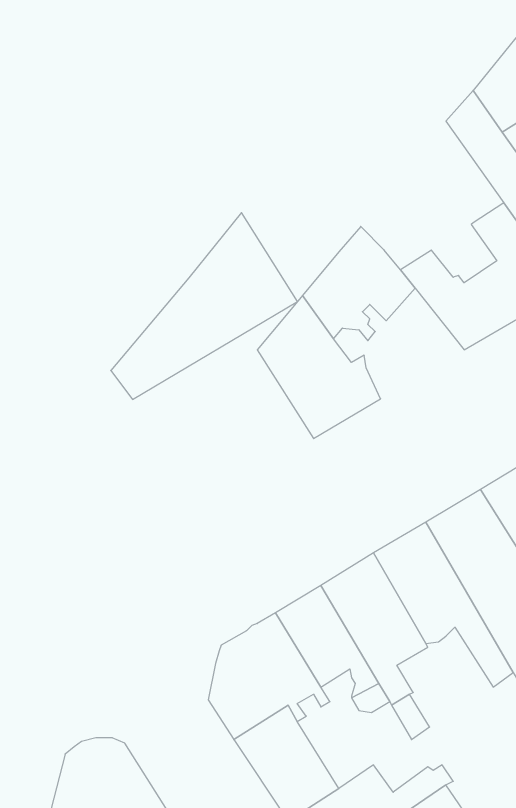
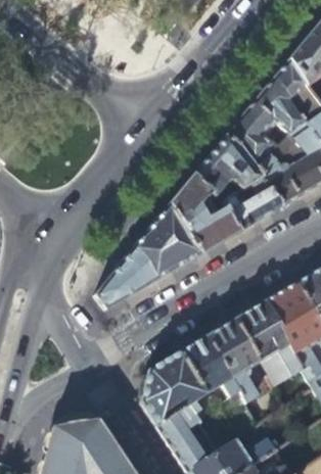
building: none -> [228,76,309,159]
building: [111,213,298,399] -> [96,204,201,310]
building: none -> [229,170,286,232]

